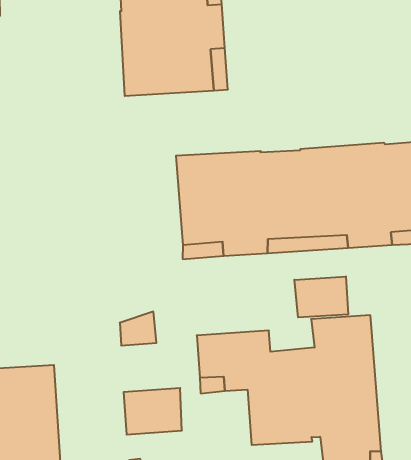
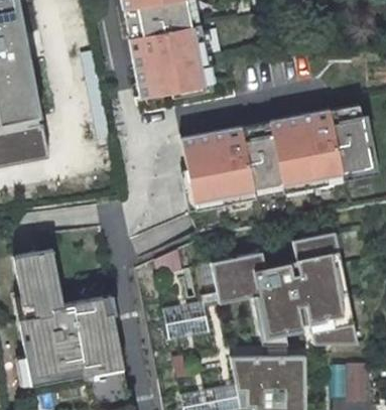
building: [294,276,348,317] -> none

